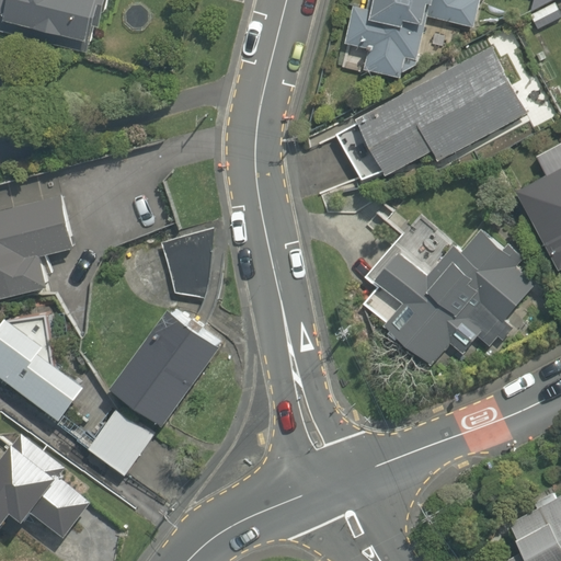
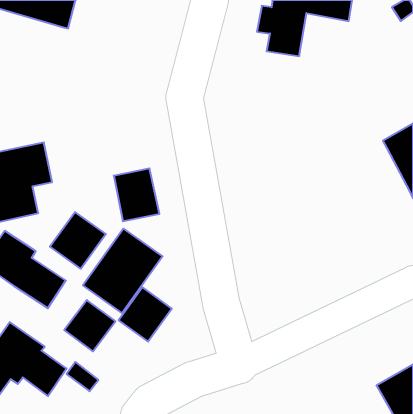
building: [332,47,525,187] -> none
building: [376,228,535,366] -> none
building: none -> [50,212,106,269]
building: none -> [119,287,172,342]

